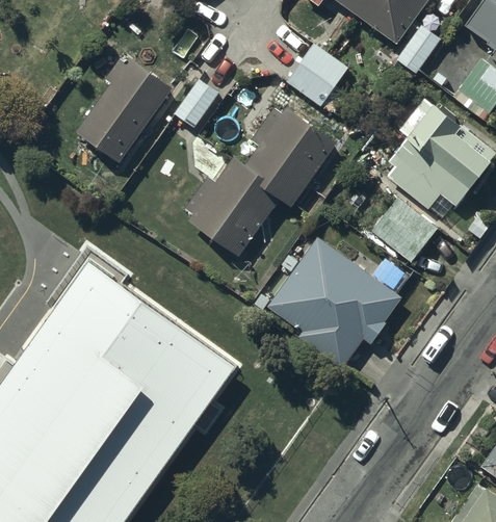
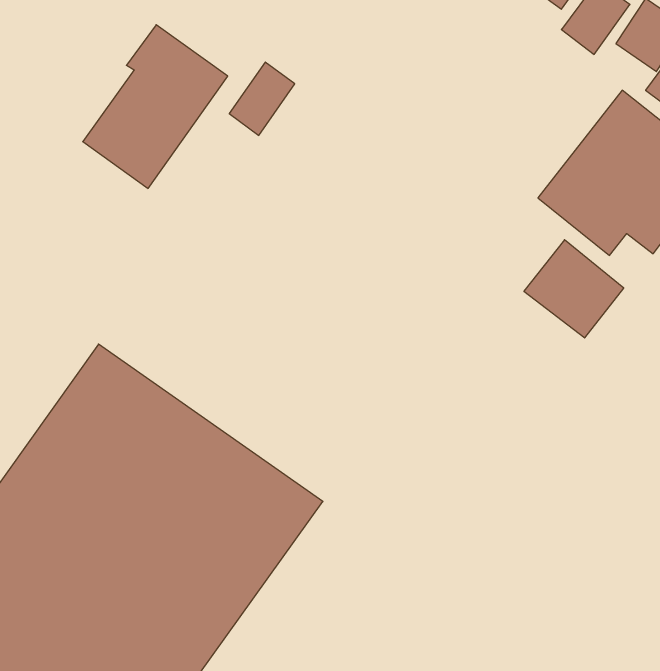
building: [284,42,348,106] -> none
building: [185,105,336,255] -> none
building: [266,236,400,368] -> none

